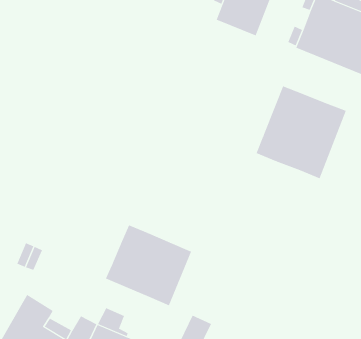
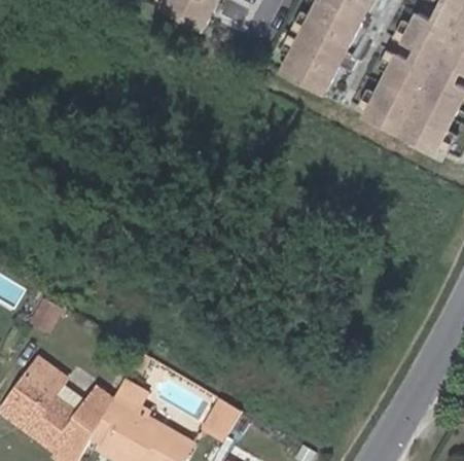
building: [256,86,346,179] -> none
building: [105,225,192,306] -> none

